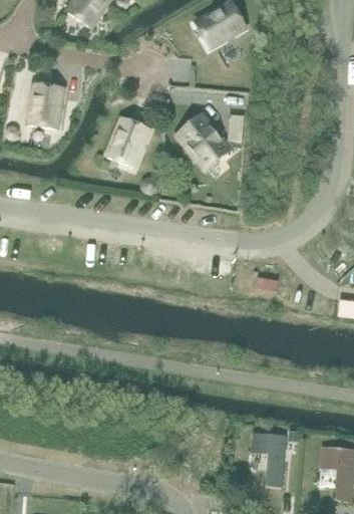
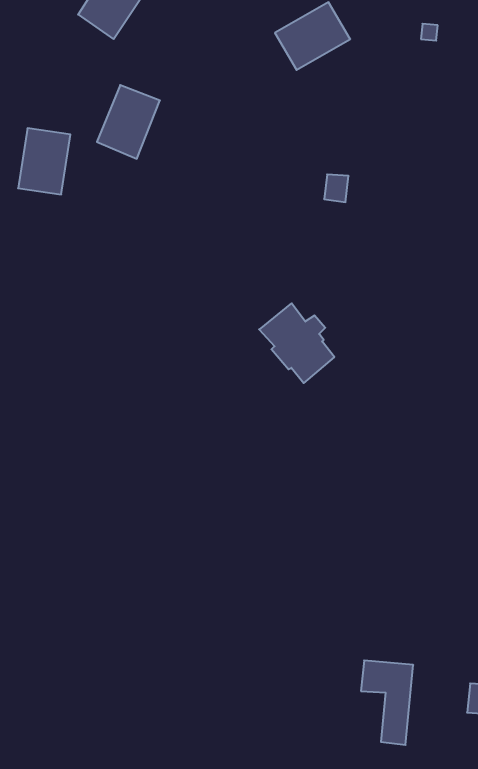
building: [179,115,228,168] -> [259,303,334,383]
building: [107,118,148,167] -> [97,85,160,159]

